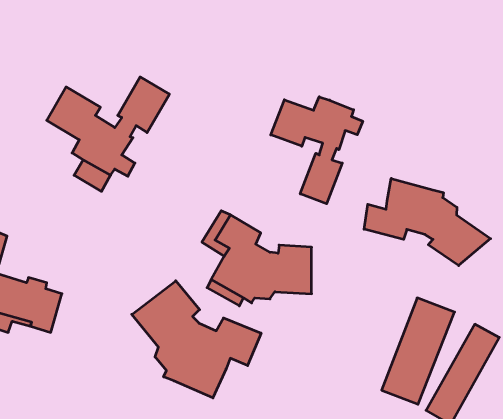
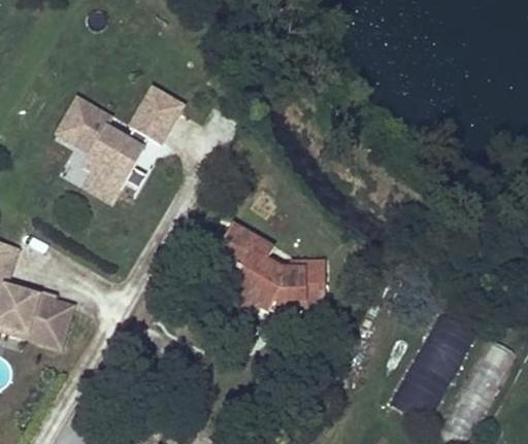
building: [271,97,363,204] -> none
building: [364,178,491,266] -> none
building: [132,281,261,398] -> none

